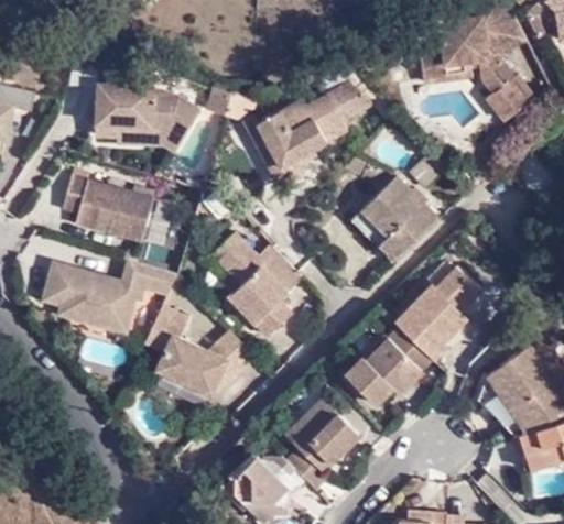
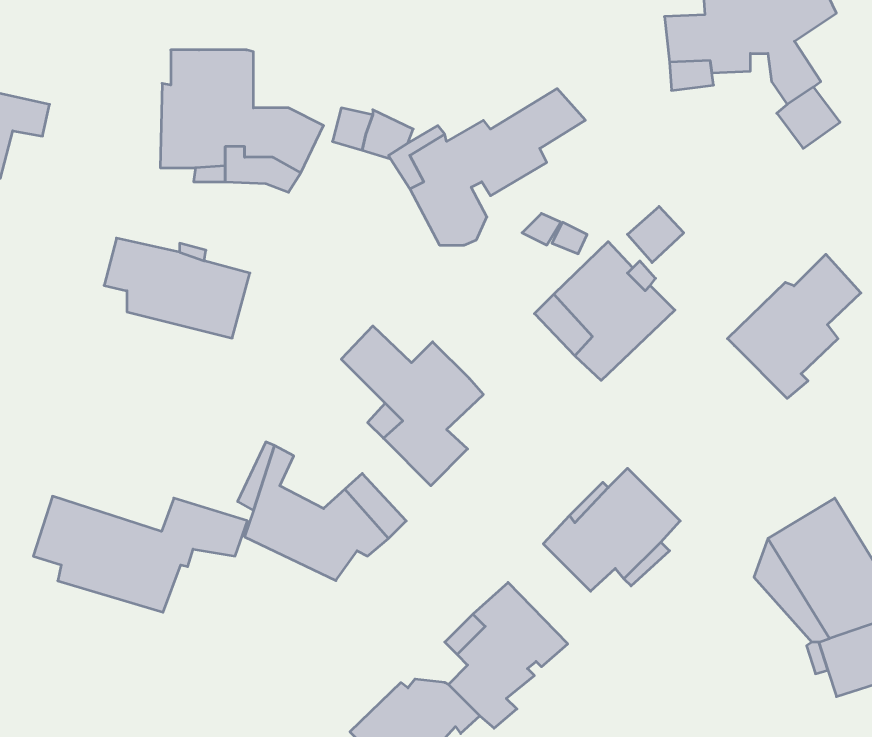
building: [50,264,184,337] -> [33,496,247,612]
building: [392,269,476,359] -> [727,254,861,398]

